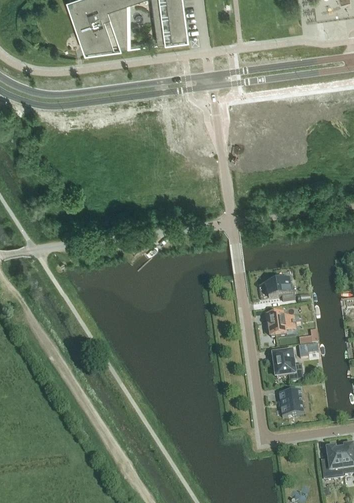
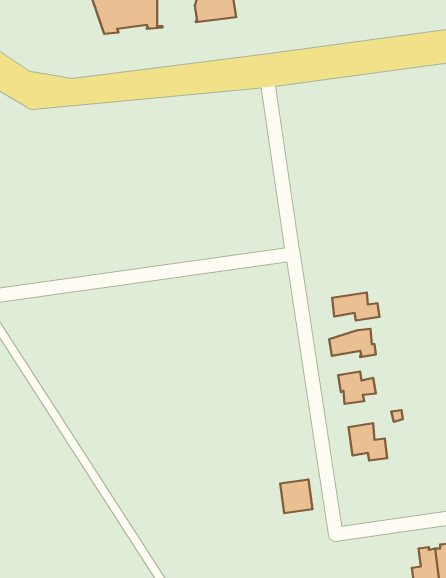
building: none -> [332,293,379,321]
building: [279,389,304,415] -> [280,480,313,513]

